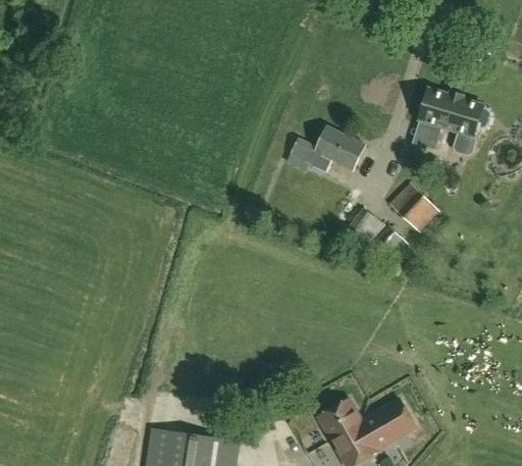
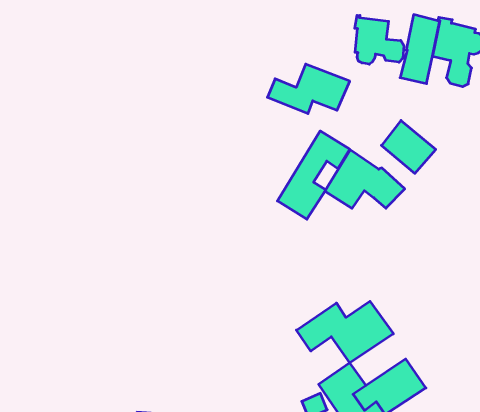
building: none -> [355,15,404,64]
building: none -> [277,131,350,219]
building: none -> [296,301,393,363]

